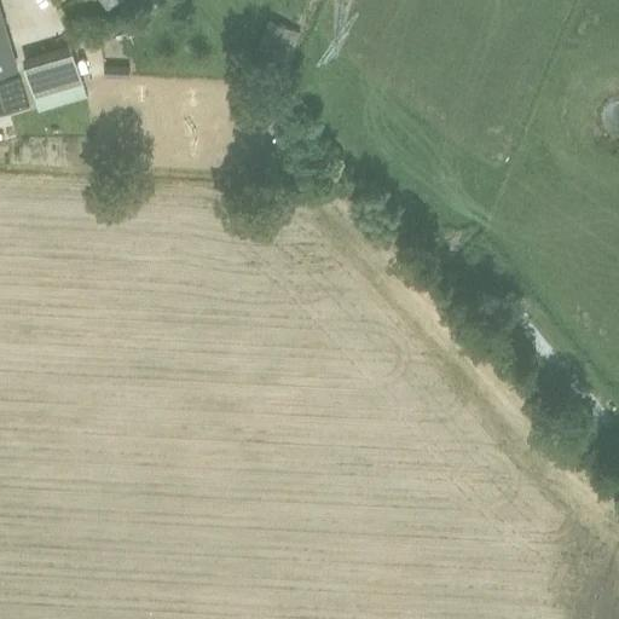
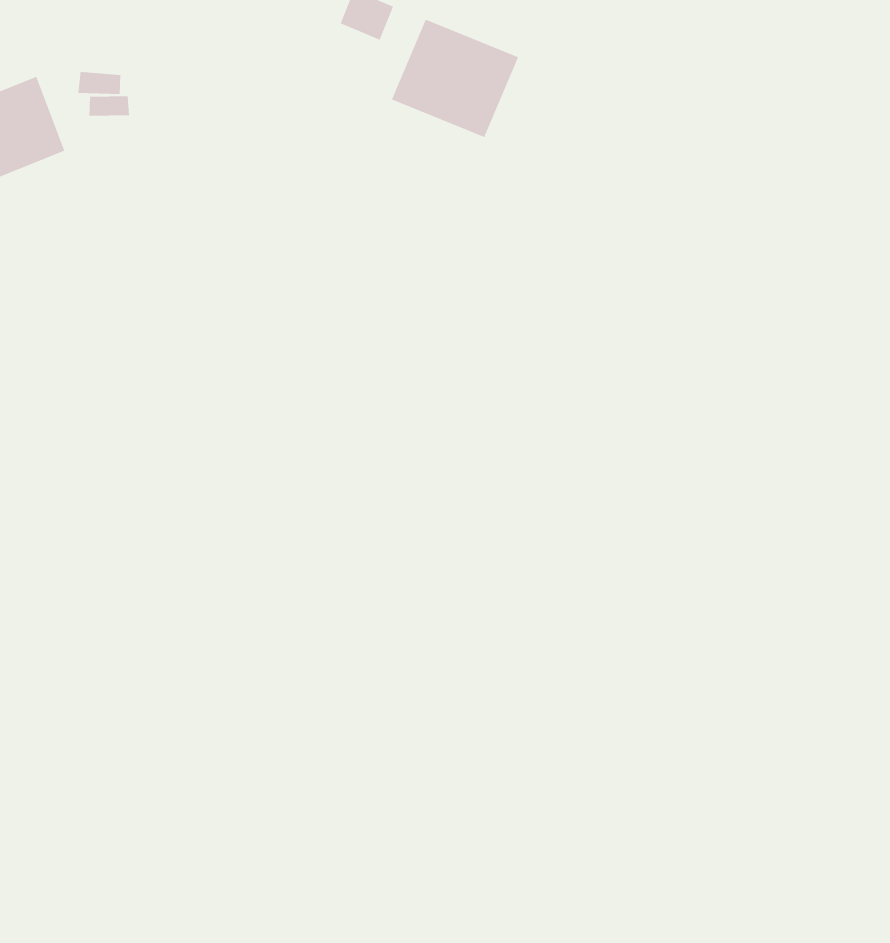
building: none -> [391,19,519,138]

